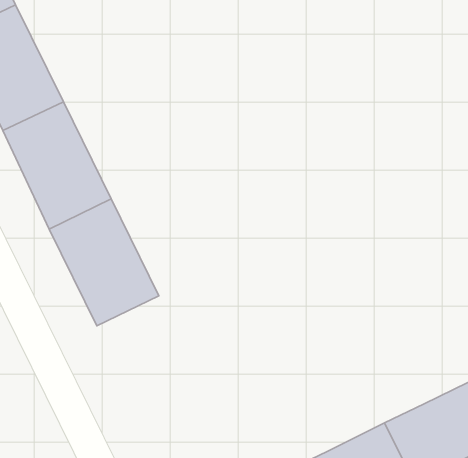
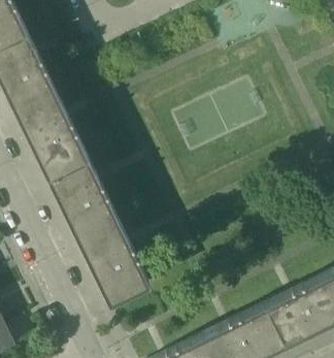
building: none -> [78,221,148,303]

